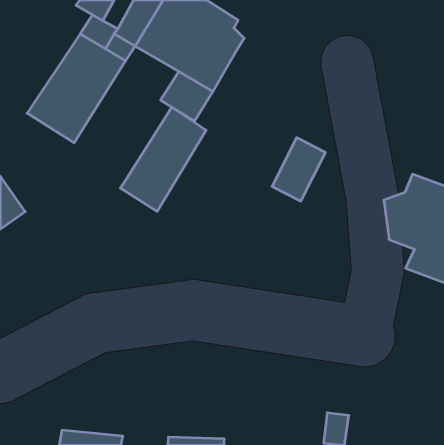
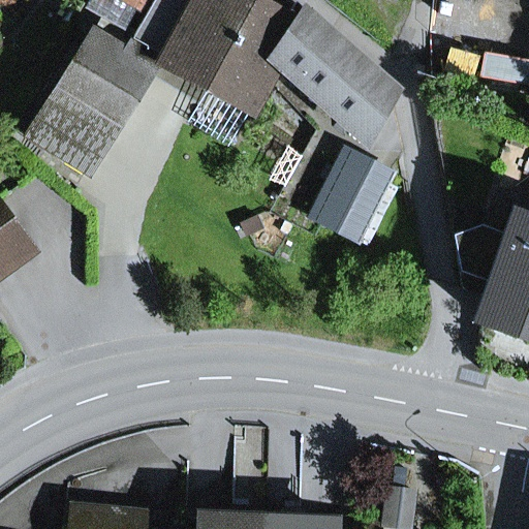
building: none -> [279,4,396,142]
building: [120,107,206,211] -> none

